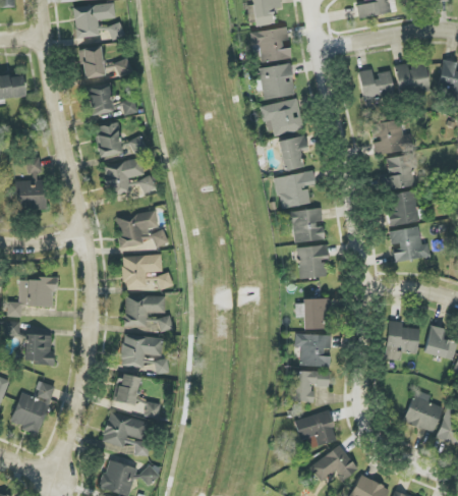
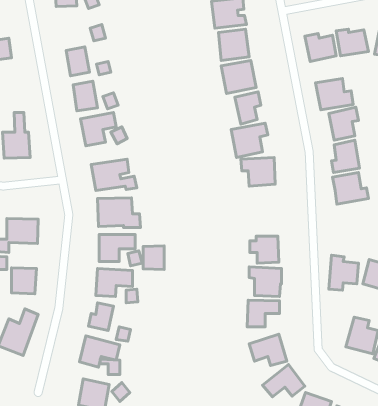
building: [78,46,104,78] -> none
building: [298,245,328,278] -> none
building: none -> [143,246,164,270]

